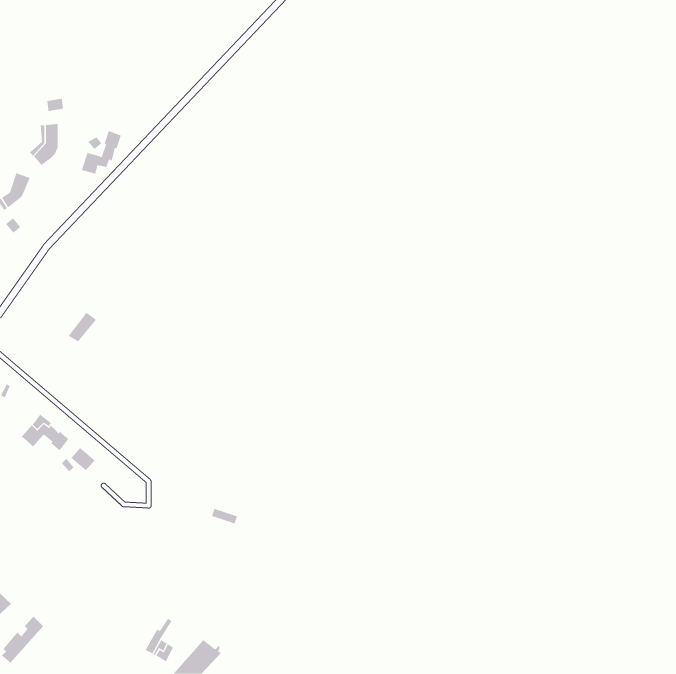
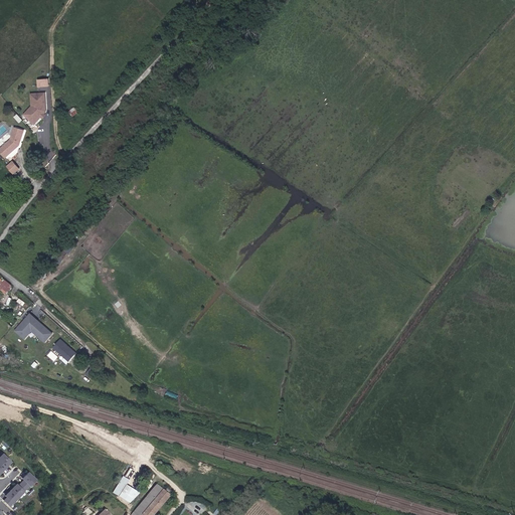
building: [81,130,122,175] -> none

